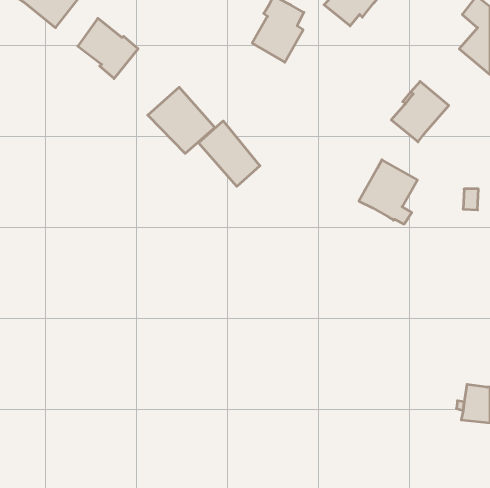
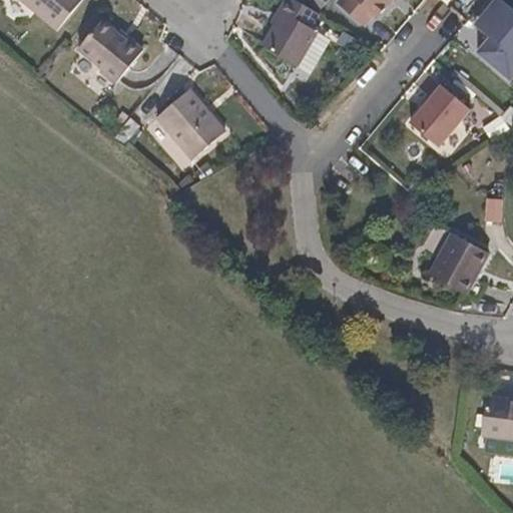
building: [198,121,260,186] -> none
building: [359,160,417,224] -> [427,230,488,298]

